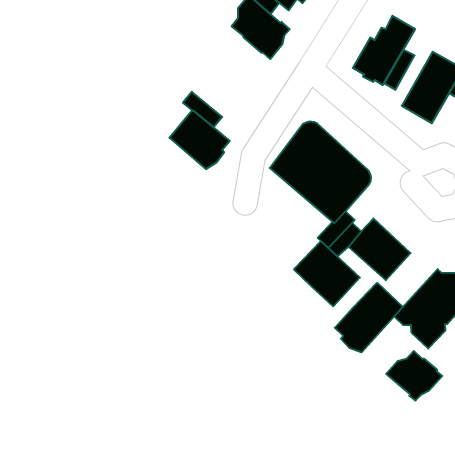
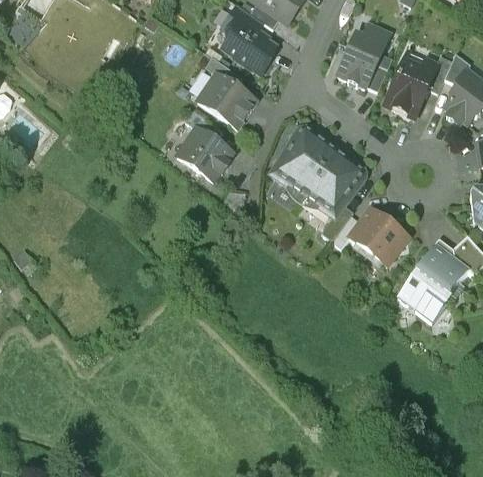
building: none -> [197,73,254,127]
building: [294,241,360,306] -> none
building: [335,283,403,352] -> none
building: [386,351,442,401] -> none

